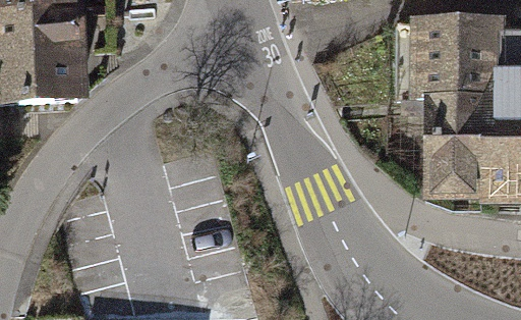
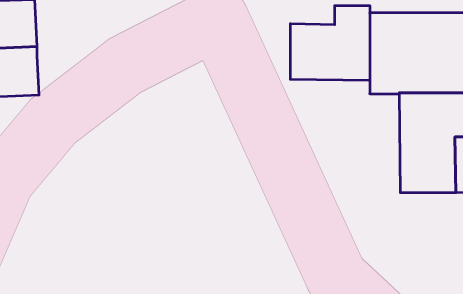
building: none -> [290,6,370,80]

